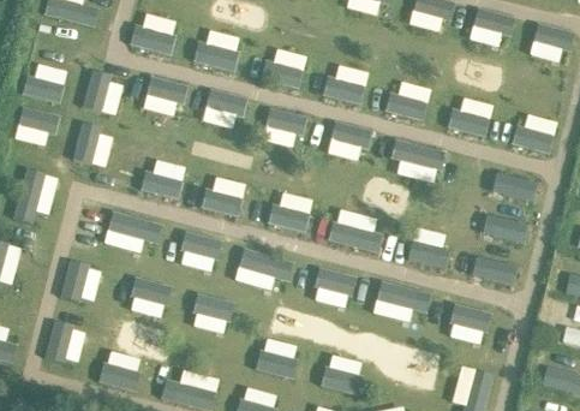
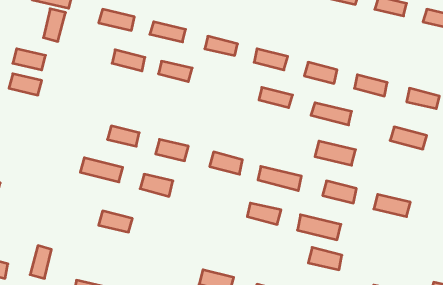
building: [83,71,110,112] -> [43,9,66,41]
building: [267,108,306,136] -> none
building: [72,123,100,163] -> none
building: [13,168,44,222] -> none
building: [482,213,532,243] -> [315,141,356,165]
building: [238,249,293,281] -> none
building: [60,260,89,302] -> none
building: [193,293,234,321] -> none
building: [449,304,491,332] -> [308,247,342,270]

